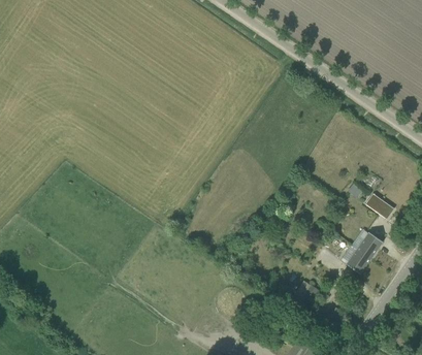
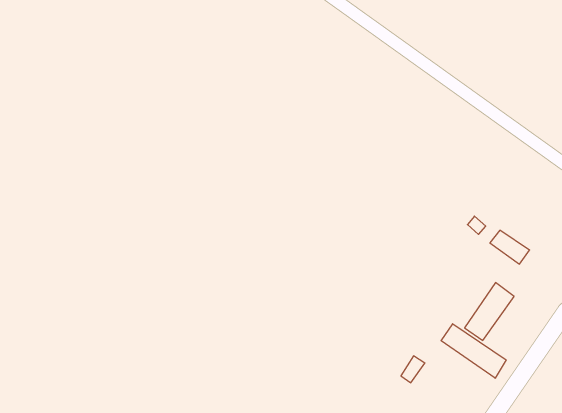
building: none -> [441,324,506,378]

